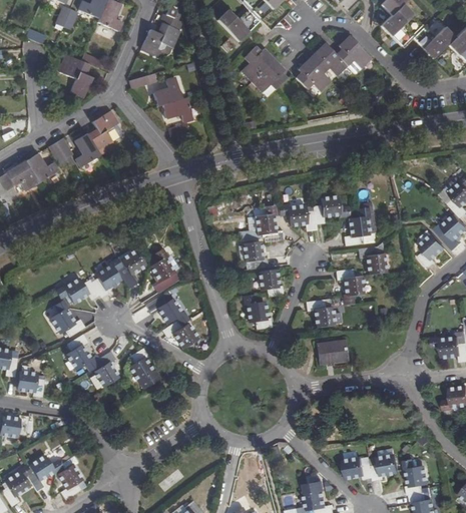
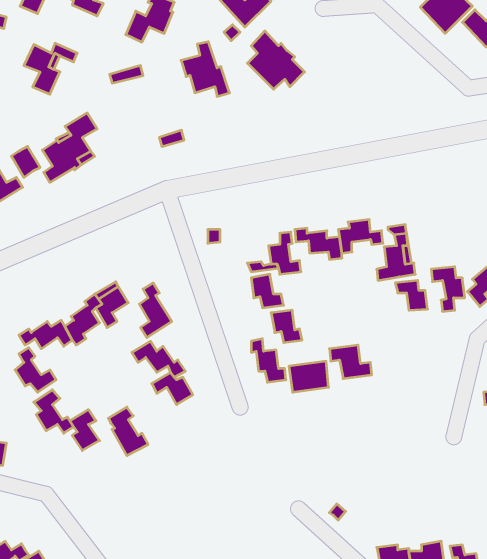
building: [295,36,370,91] -> none
building: [152,78,191,122] -> [181,42,230,96]
building: [335,268,362,304] -> [431,267,465,311]
building: [316,339,348,364] -> [289,361,329,392]

